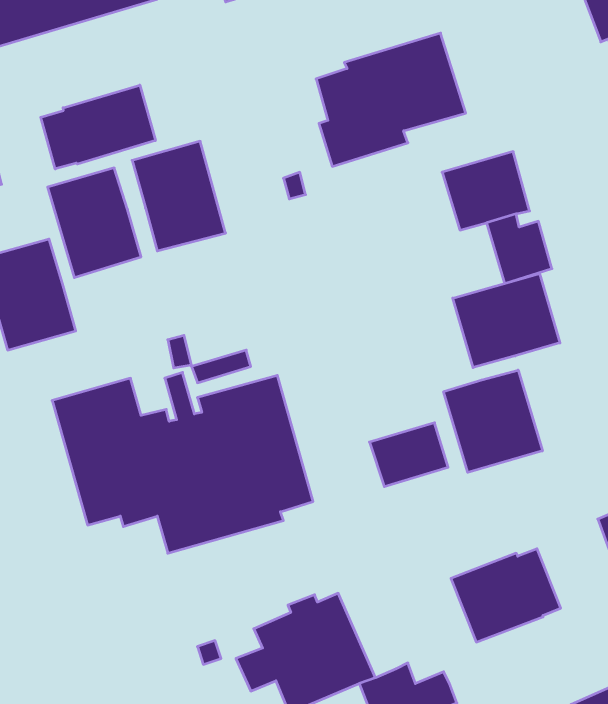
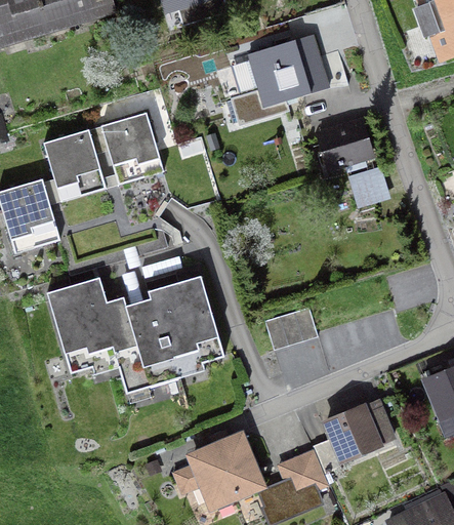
building: [41,85,155,169] -> none
building: [453,273,560,368] -> none
building: [444,370,542,472] -> none
building: none -> [277,446,329,487]

